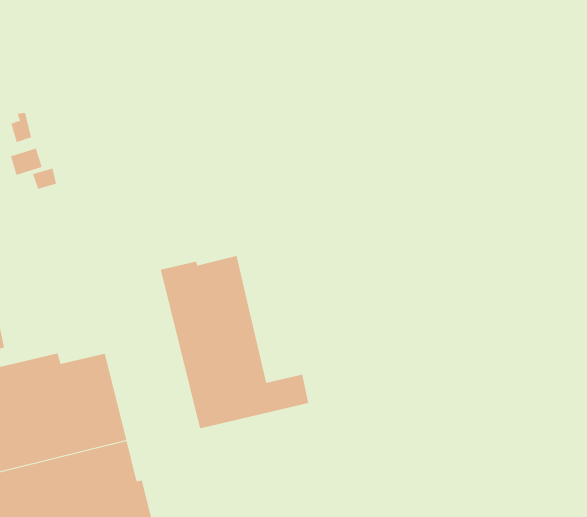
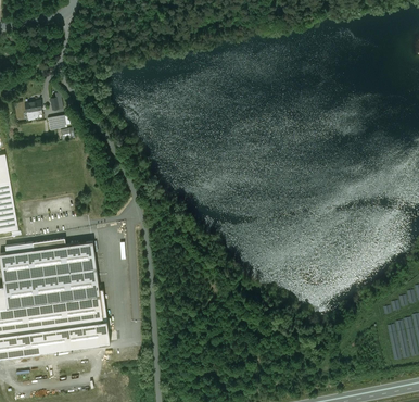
building: [160,255,309,429] -> none

